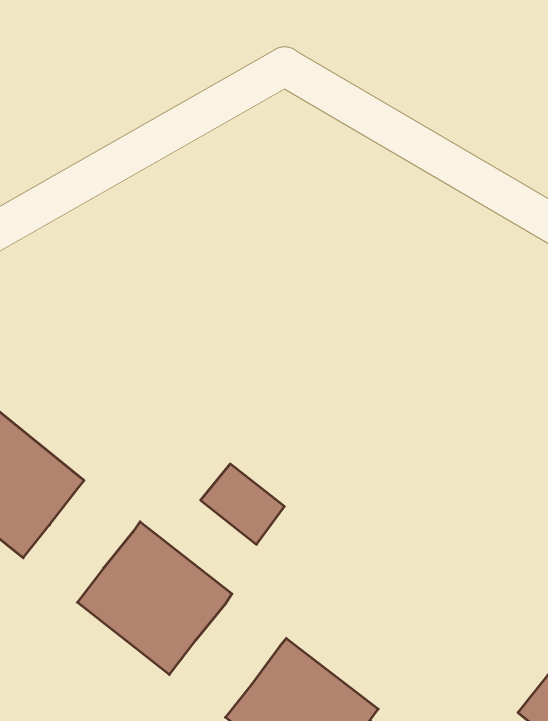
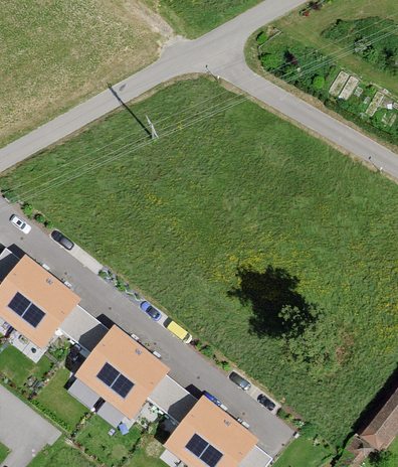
building: [201,464,284,544] -> [148,376,199,426]
building: none -> [58,306,110,354]

